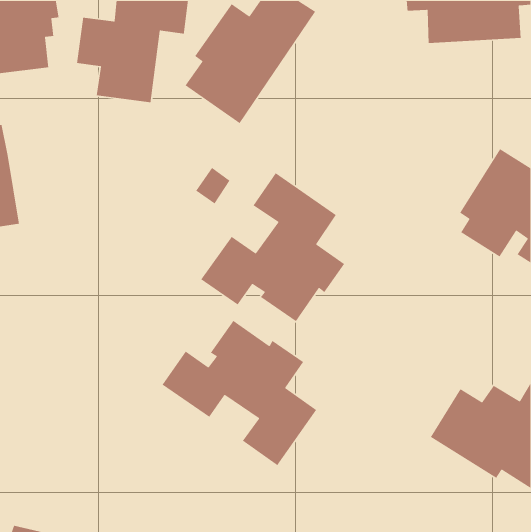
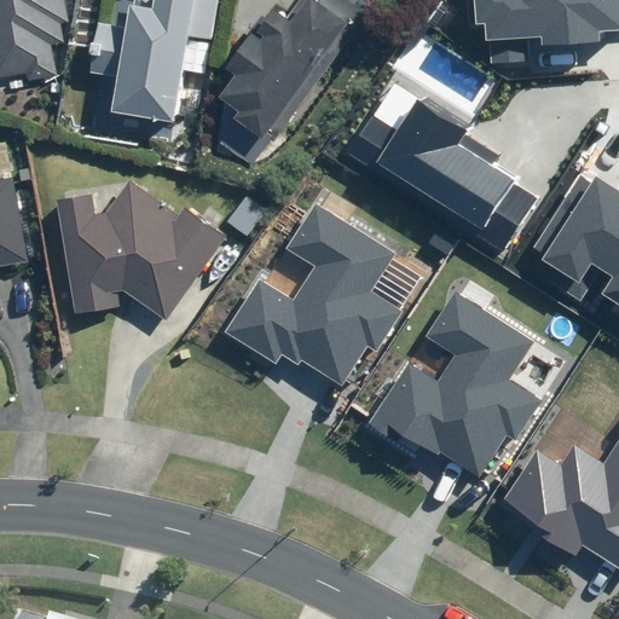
building: none -> [345,102,534,251]
building: none -> [57,183,226,318]
building: none -> [374,289,540,463]
building: [161,320,317,466] -> none

